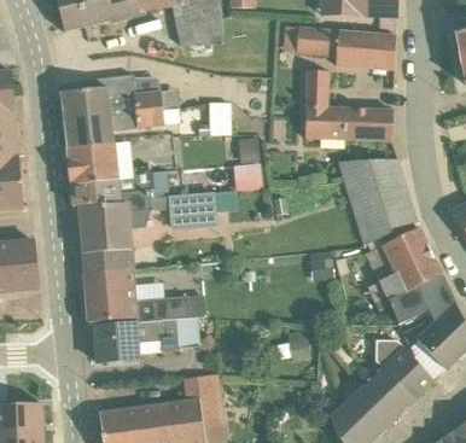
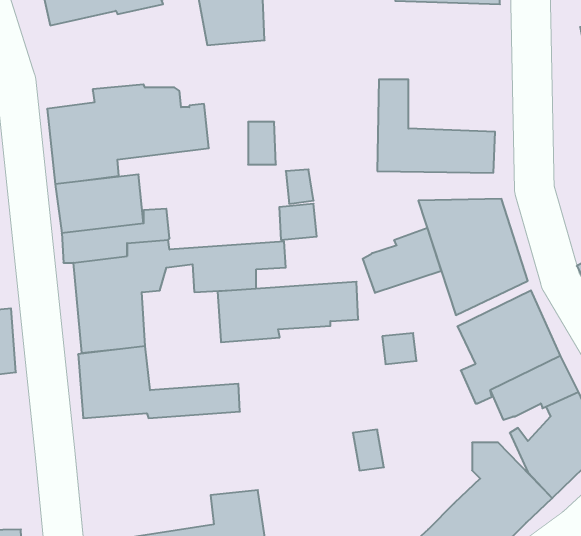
building: [296,25,394,68] -> none
building: none -> [363,228,441,293]
building: [94,316,198,361] -> [218,282,358,342]

